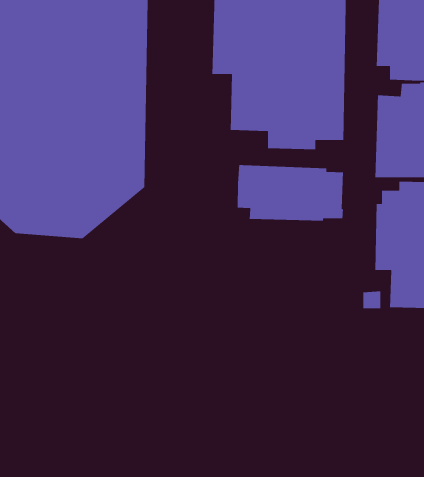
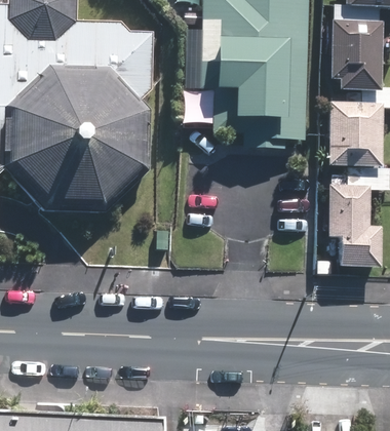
building: [237,164,344,221] -> none

